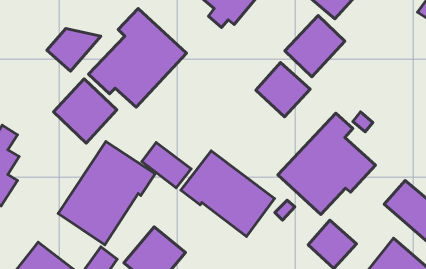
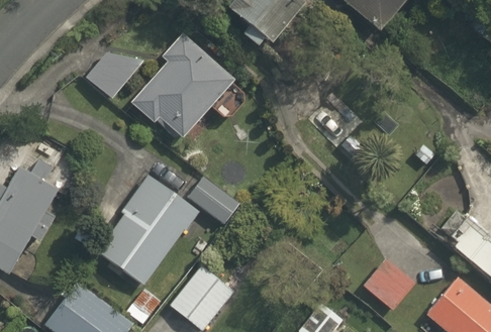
building: [285,15,345,77] -> none
building: [53,79,117,143] -> none
building: [278,113,376,215] -> none
building: [181,151,274,237] -> none

